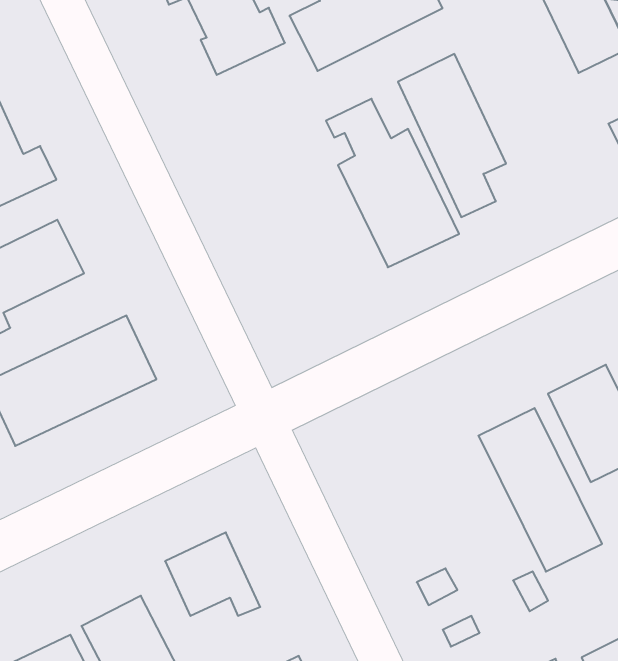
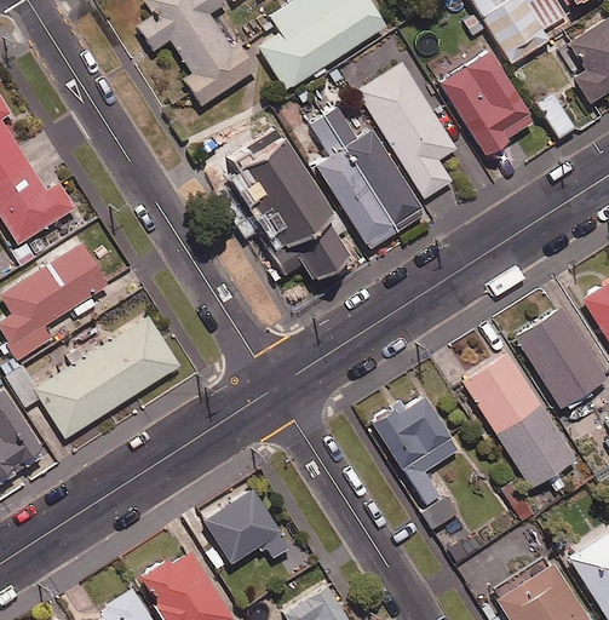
building: none -> [438,52,534,155]
building: none -> [218,121,356,282]
building: none -> [368,397,456,506]

